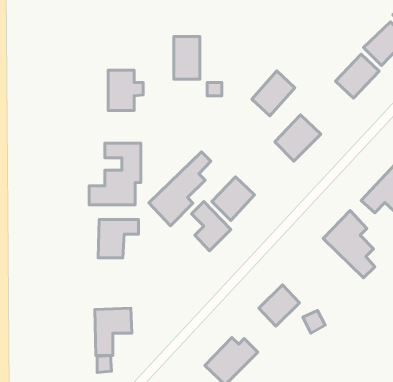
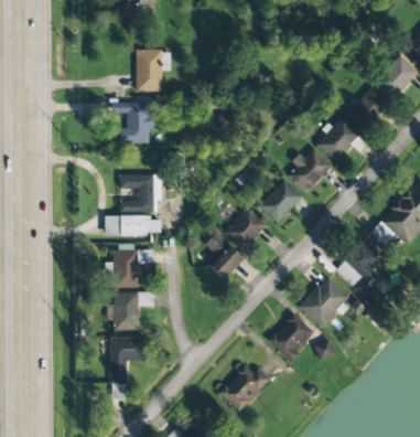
building: [174,37,200,79] -> [136,50,161,92]
building: [252,71,295,116] -> [317,117,359,161]
building: none -> [259,180,302,223]
building: [149,152,211,226] -> none
building: none -> [299,277,348,326]
building: none -> [115,292,153,330]

